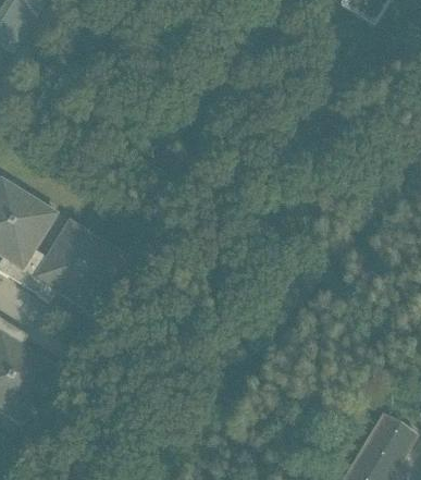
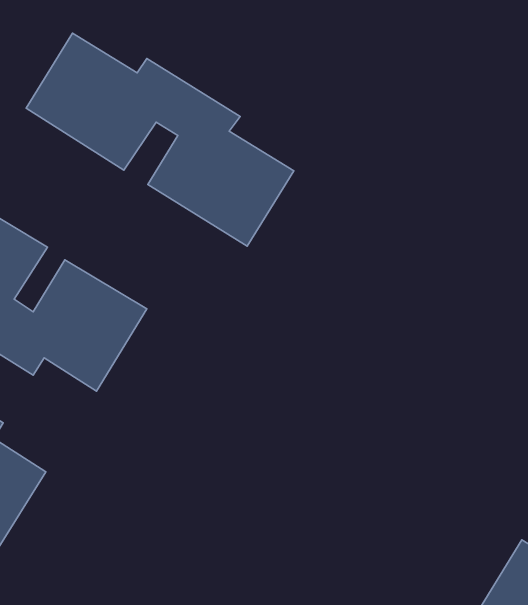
building: none -> [26,33,294,246]

